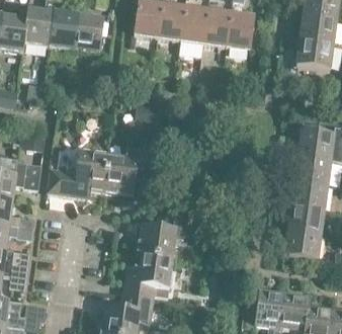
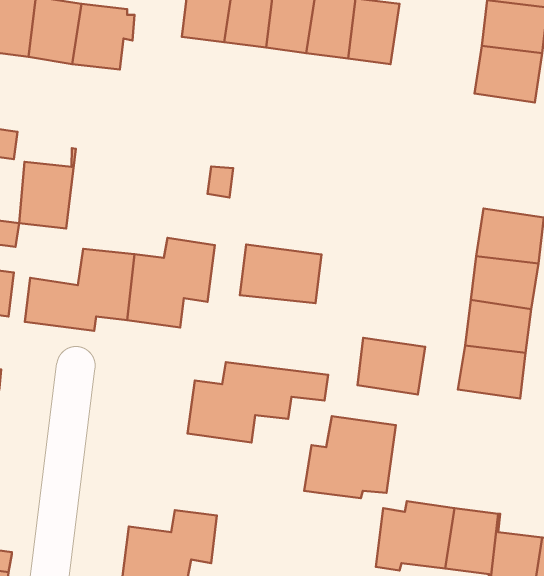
building: none -> [19,148,76,228]
building: none -> [240,245,321,303]
building: [284,228,322,259] -> [358,338,425,394]
building: [122,252,173,298] -> [304,416,396,498]

